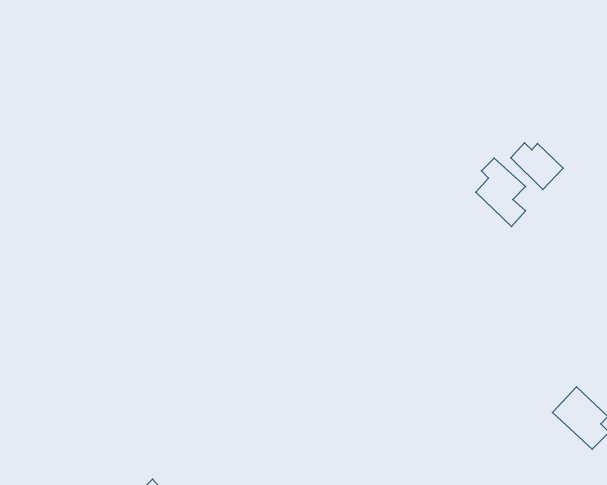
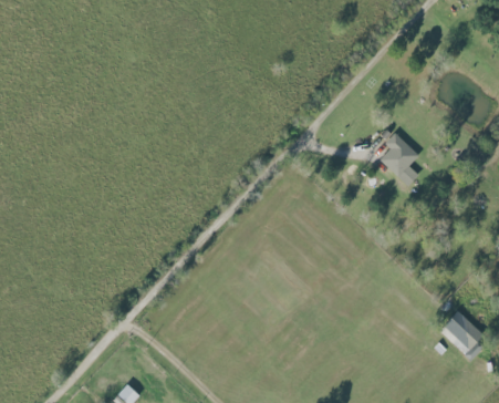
building: [511,143,563,189] -> none

